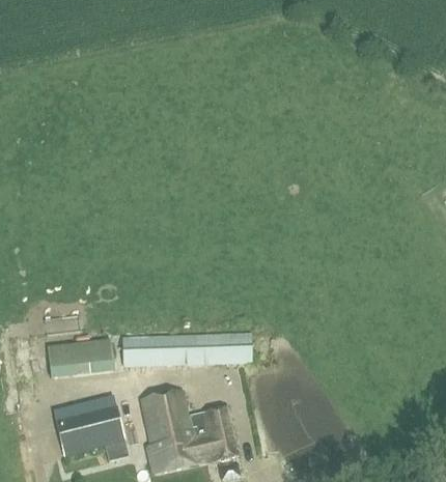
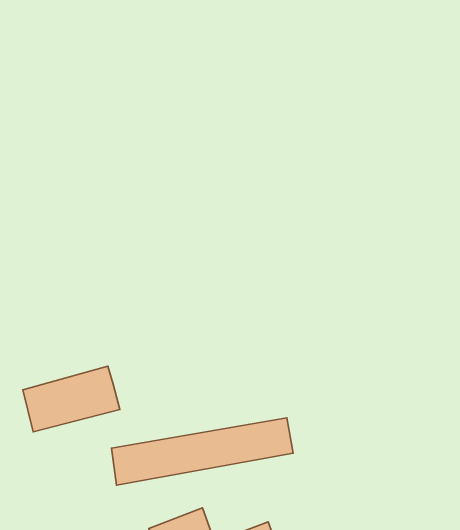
building: [48,338,115,377] -> [23,366,120,432]

